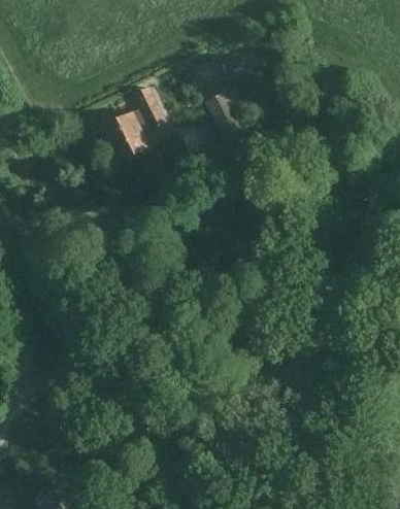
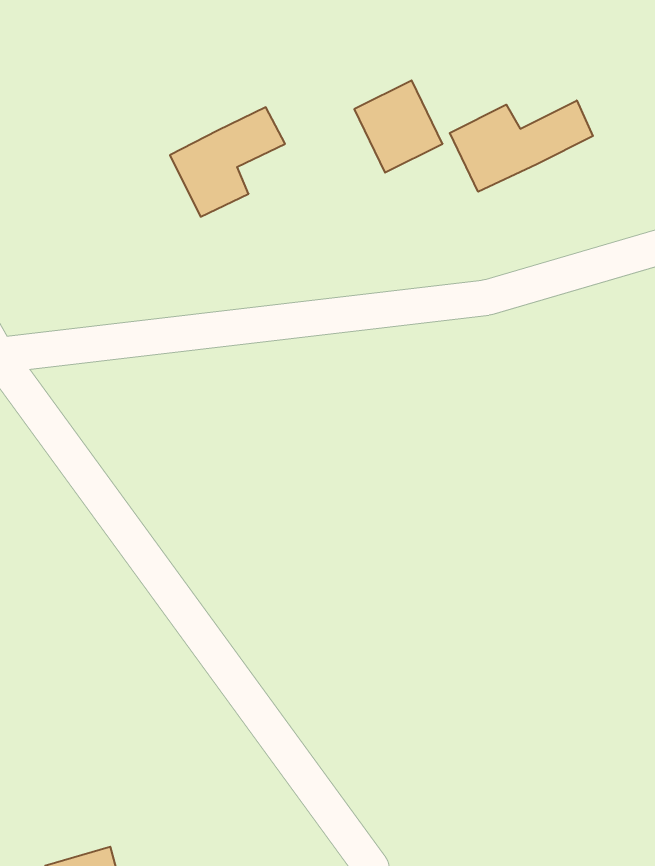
building: none -> [450,100,593,192]

